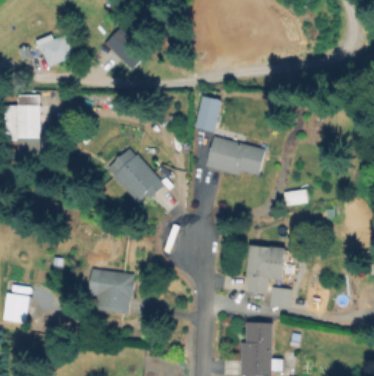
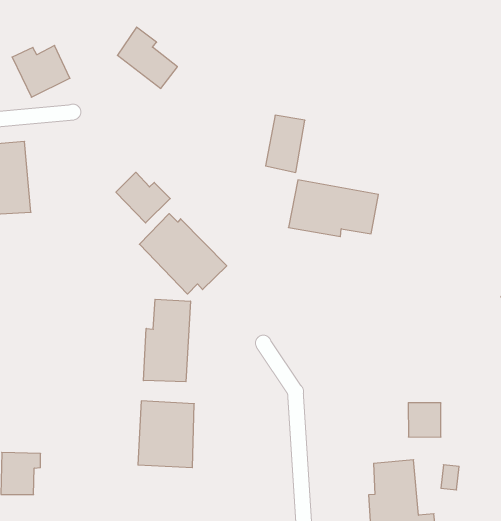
building: none -> [116,172,170,223]
building: [281,185,308,206] -> none
building: none -> [143,299,190,382]
building: [245,239,287,289] -> none

